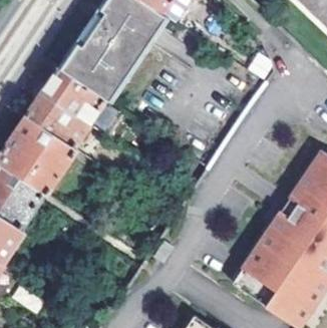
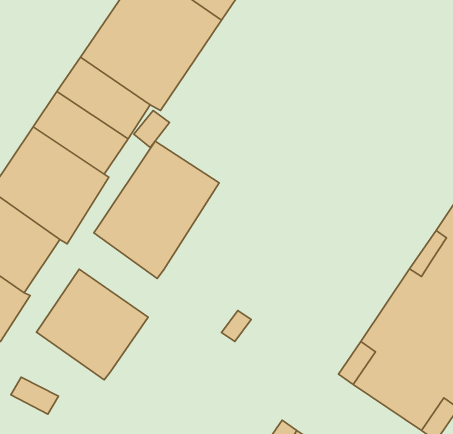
building: none -> [94,141,219,279]
building: none -> [36,269,148,380]

